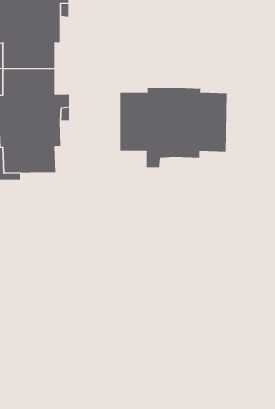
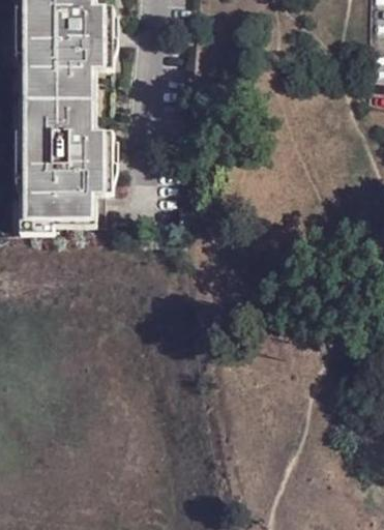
building: [120,87,227,168] -> none

